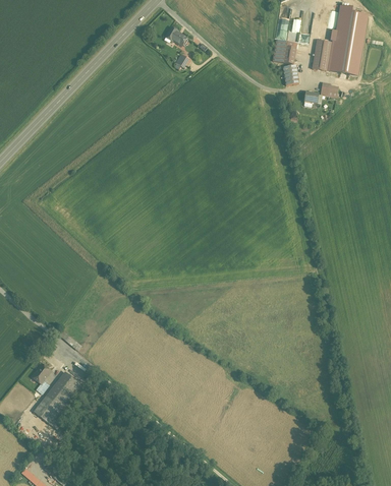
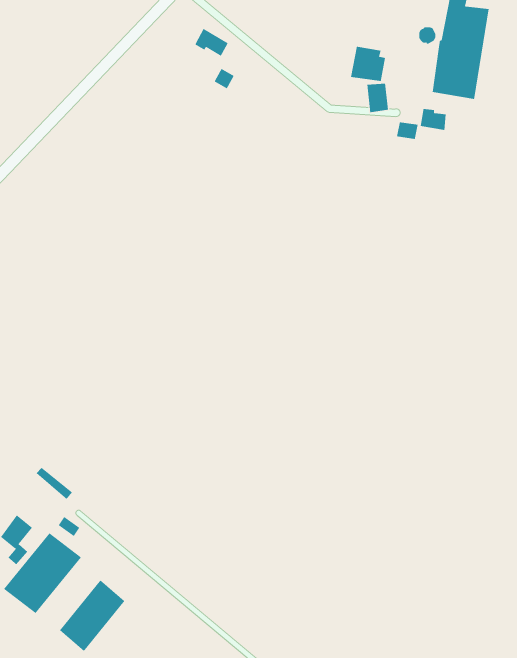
building: [312,39,332,70] -> none
building: none -> [59,580,125,652]

